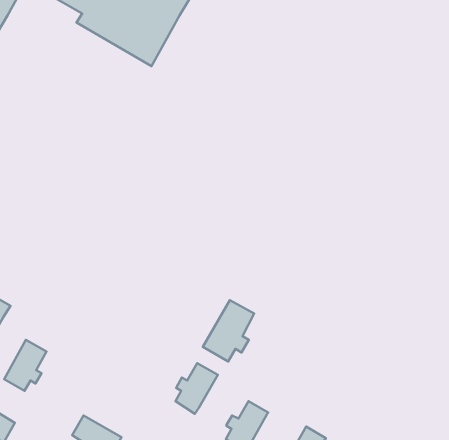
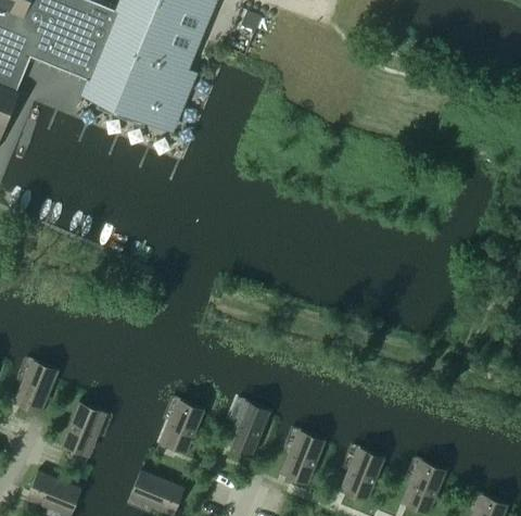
building: [203,300,254,361] -> none
building: none -> [163,405,202,454]

